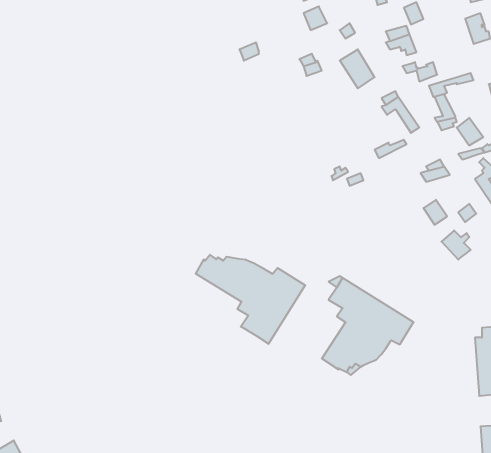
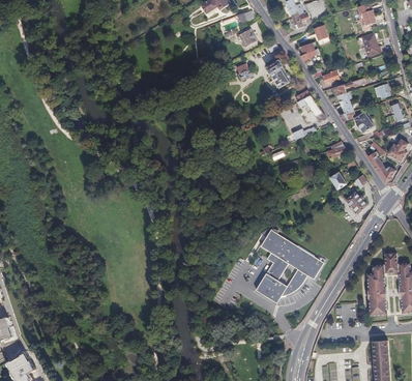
building: [196,255,305,344] -> none

